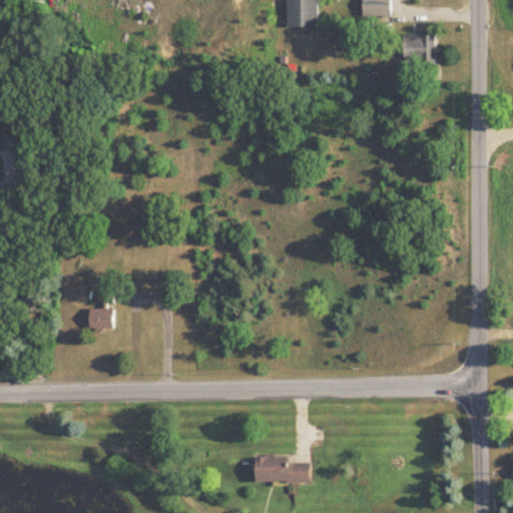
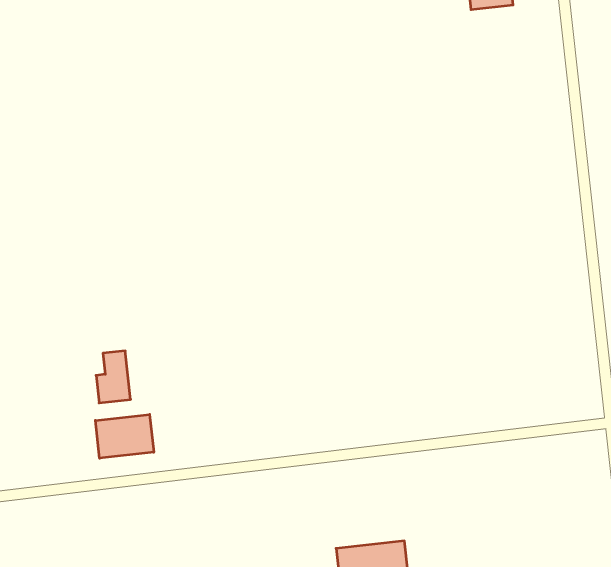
building: none -> [95,414,154,458]

